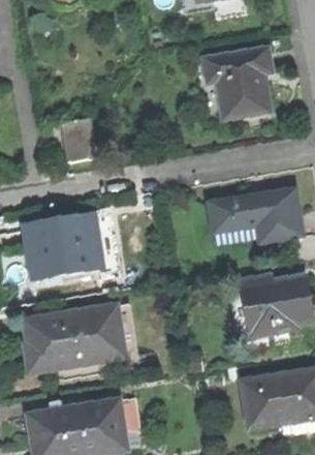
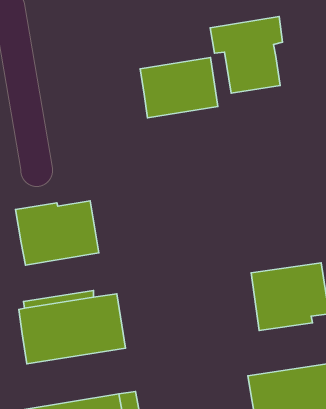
building: none -> [140,58,218,118]
building: [59,116,95,161] -> none
building: [206,189,302,243] -> none

